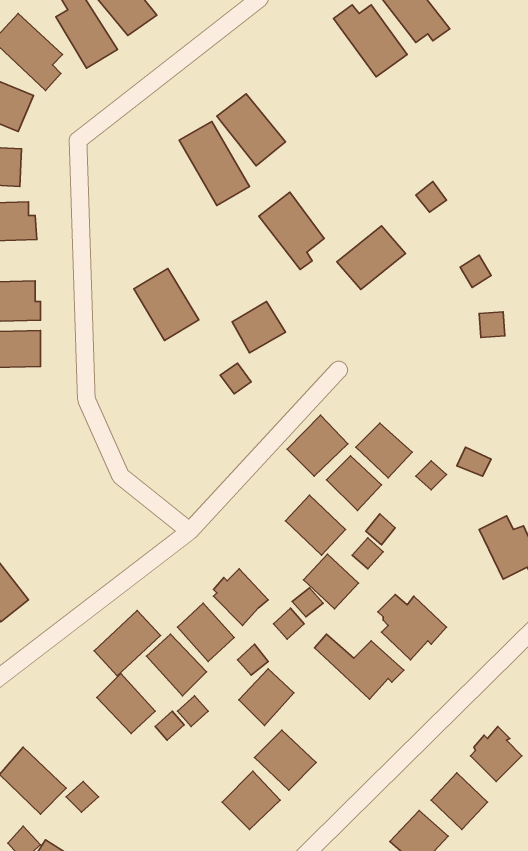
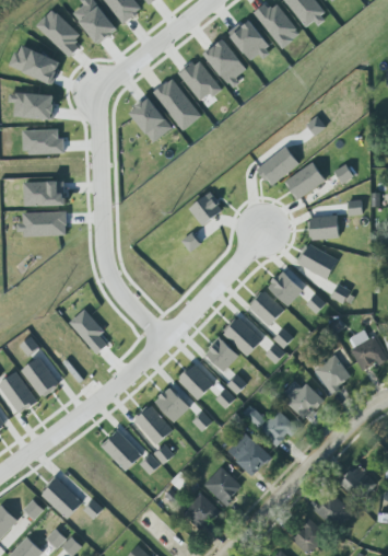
building: none -> [231,19,271,63]
building: [259,192,324,269] -> [205,39,247,89]
building: none -> [283,161,325,199]
building: [134,268,199,340] -> [131,97,173,143]
building: none -> [311,216,339,239]
building: none -> [297,244,338,277]
building: [287,415,348,476] -> none
building: none -> [70,309,108,355]
building: [304,554,358,609] -> [204,336,239,371]
building: none -> [314,355,350,392]
building: [94,611,160,676] -> none
building: [239,669,294,726] -> [236,441,271,477]

